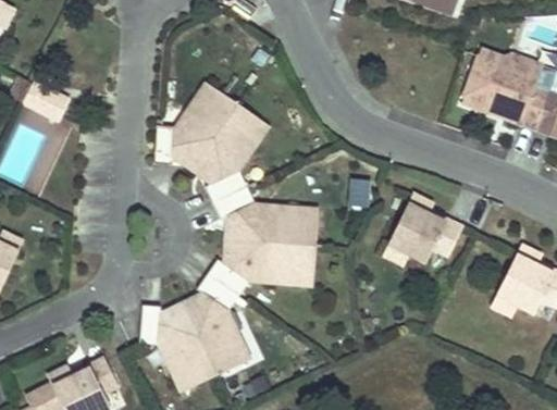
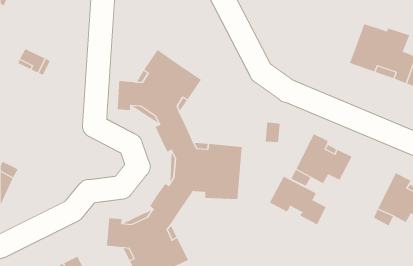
building: none -> [269,176,327,225]

